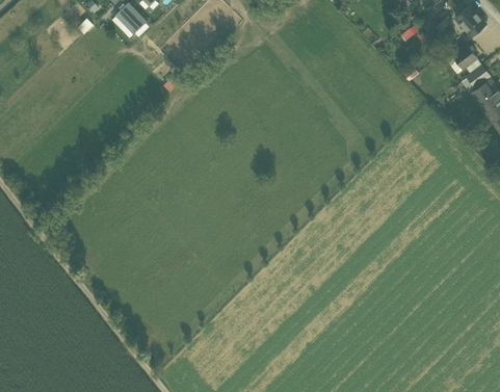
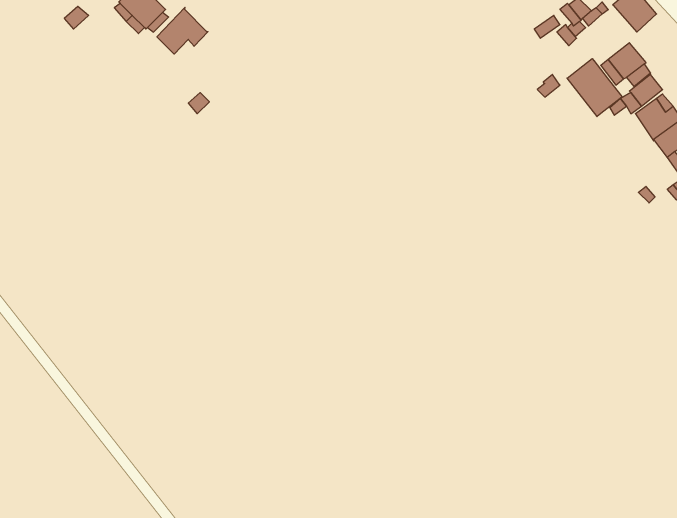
building: none -> [157,7,208,54]
building: none -> [567,59,622,117]

